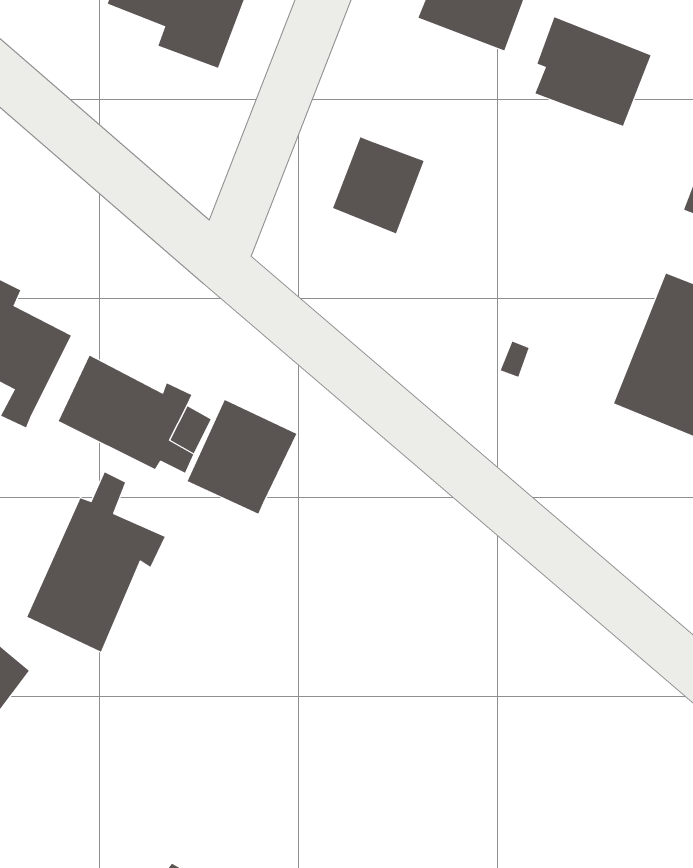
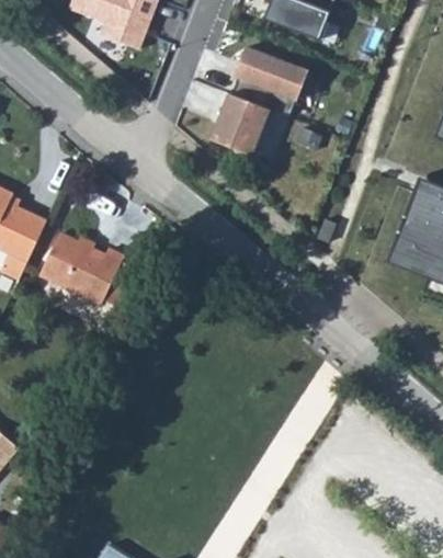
building: [535,17,652,127] -> [235,47,308,116]
building: [187,399,297,514] -> none
building: [27,472,166,652] -> none

